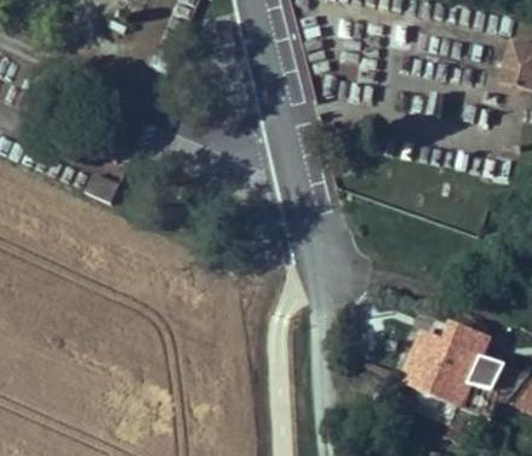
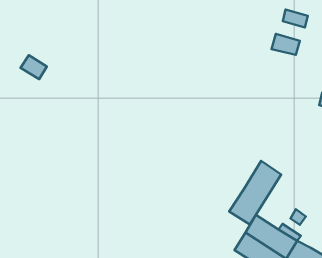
building: none -> [229,161,281,225]

